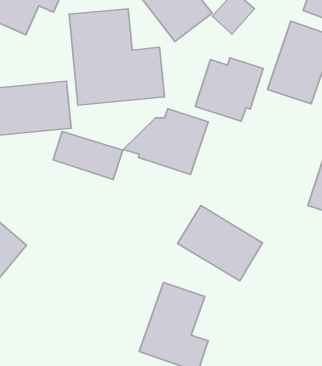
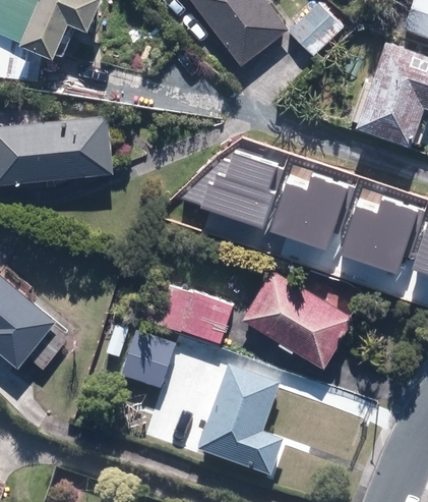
building: [69,9,165,105] -> none
building: [195,58,263,121] -> [265,174,351,254]
building: [53,131,123,179] -> [144,283,232,343]
building: none -> [337,199,421,278]
building: none -> [122,331,175,387]

